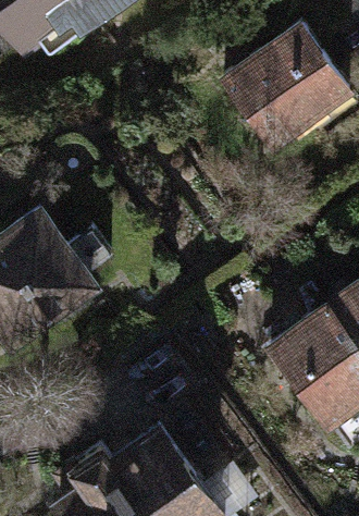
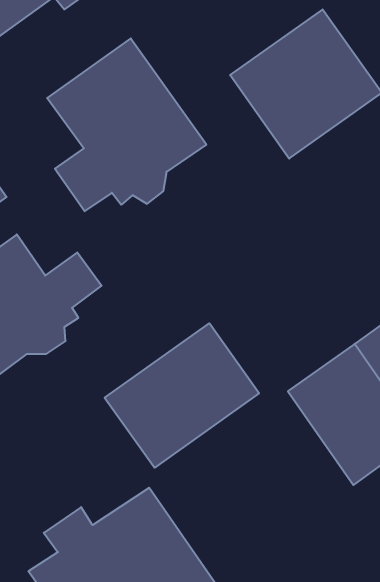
building: none -> [47,38,206,211]
building: none -> [105,323,259,468]

